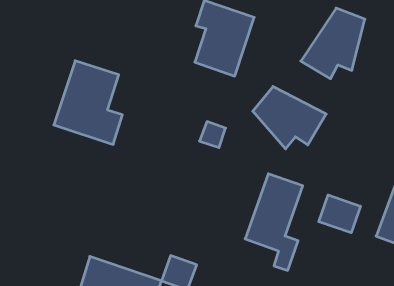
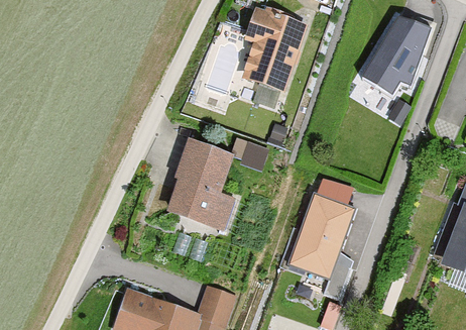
building: [54,61,122,144] -> [162,138,237,229]
building: [253,86,326,149] -> none
building: [319,195,360,233] -> none

